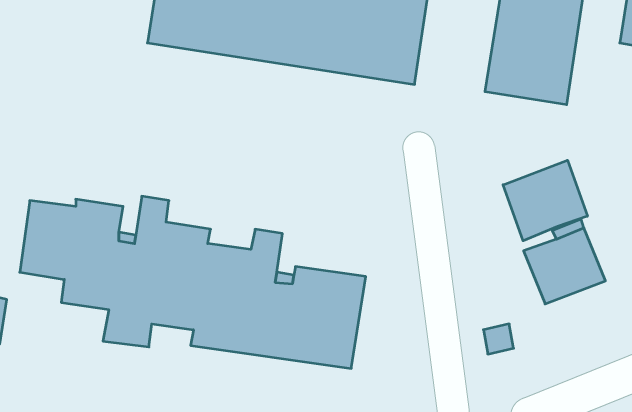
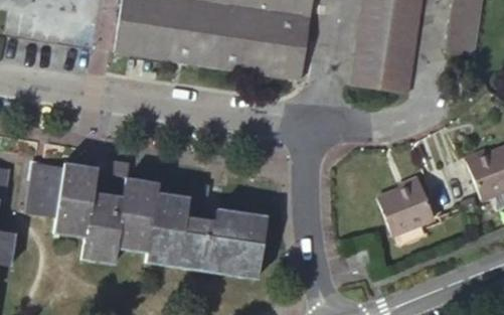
building: [503,160,587,241] -> none

